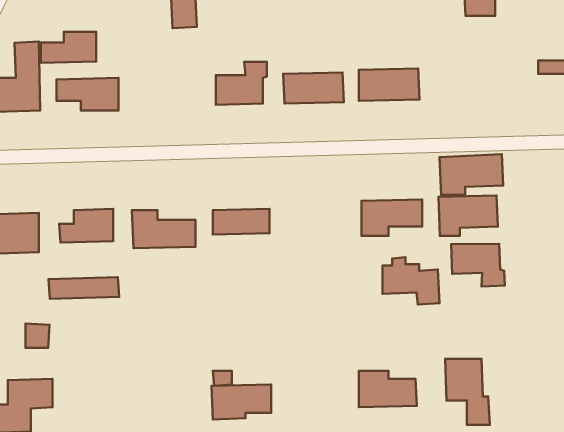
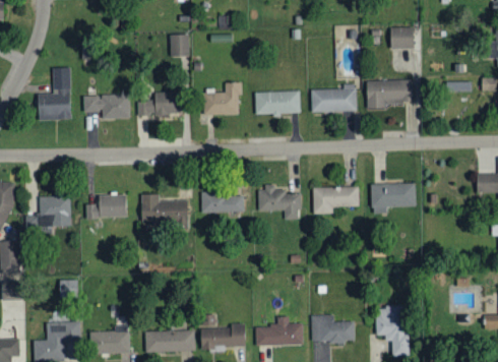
building: [41,32,96,63] -> [137,93,179,116]
building: [440,154,503,195] -> [366,79,414,110]
building: [451,244,505,286] -> none
building: [383,257,439,305] -> [258,184,301,220]
building: [49,277,119,299] -> none
building: none -> [255,316,303,346]
building: none -> [145,330,195,352]
building: none -> [89,331,130,354]

